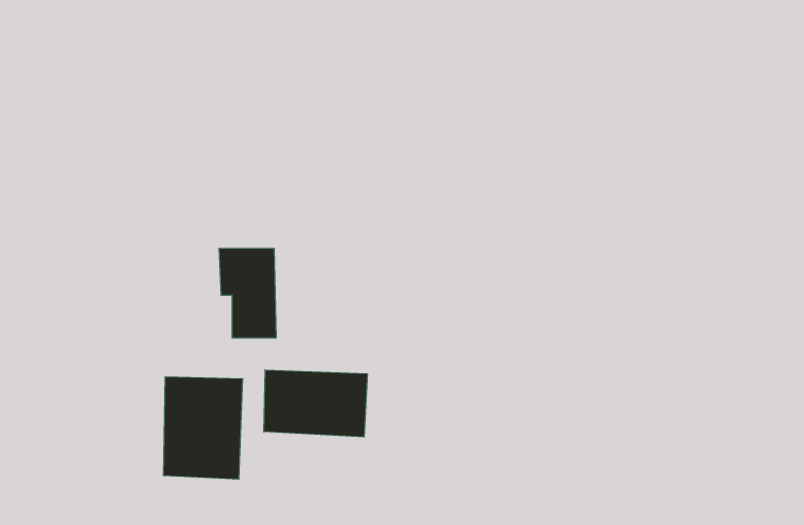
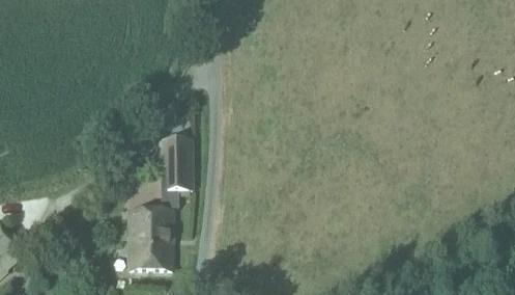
building: [264,370,368,437] -> none

